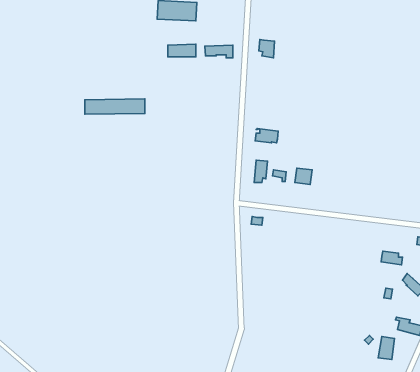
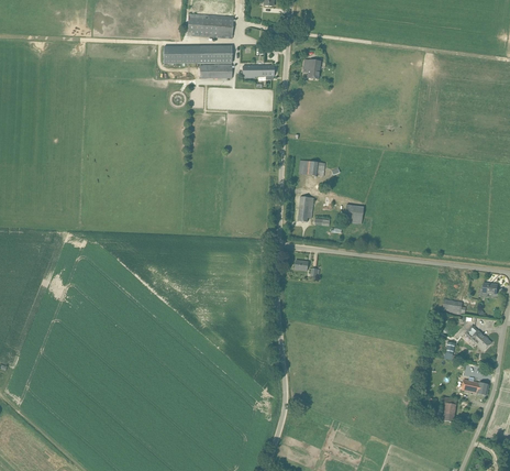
building: [85,99,145,114] -> [164,45,232,63]

